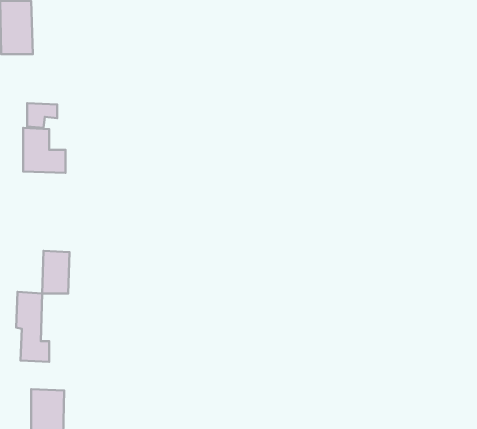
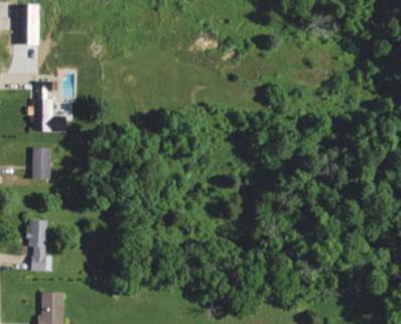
building: [42,251,70,293] -> [31,146,51,178]

